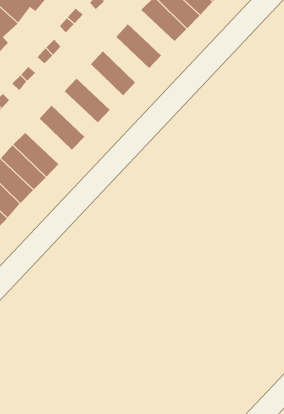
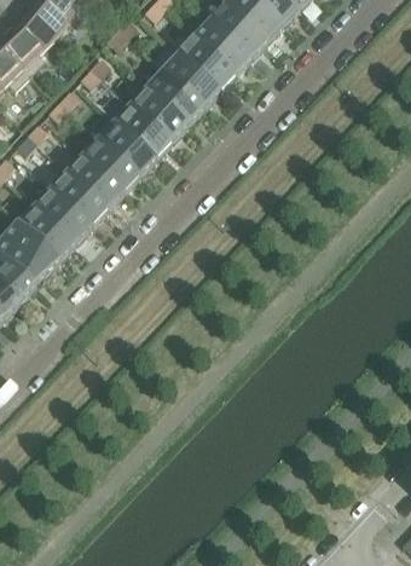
building: none -> [191,18,249,75]
building: none -> [160,52,218,109]
building: none -> [127,86,185,143]
building: none -> [95,120,154,177]
building: none -> [63,154,121,210]

